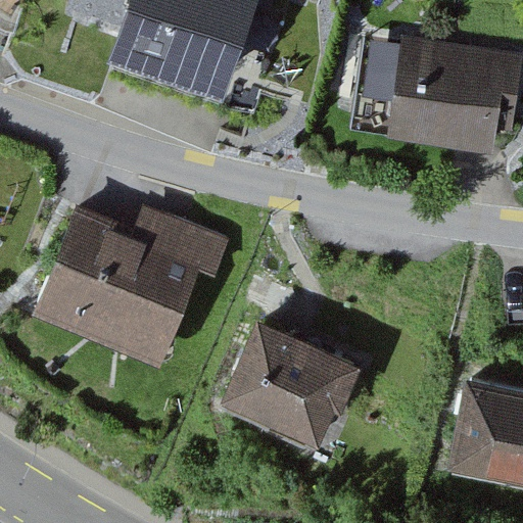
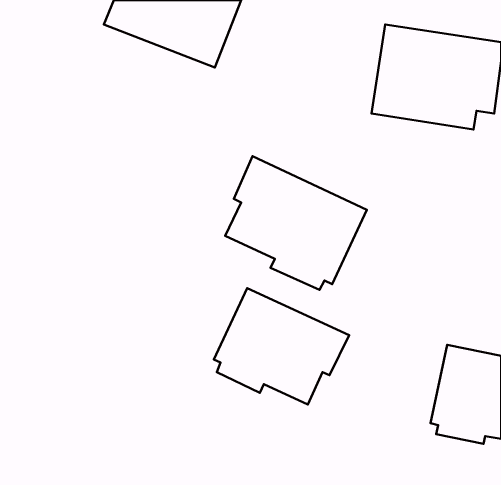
building: none -> [225,156,367,290]
building: [34,207,231,365] -> none

